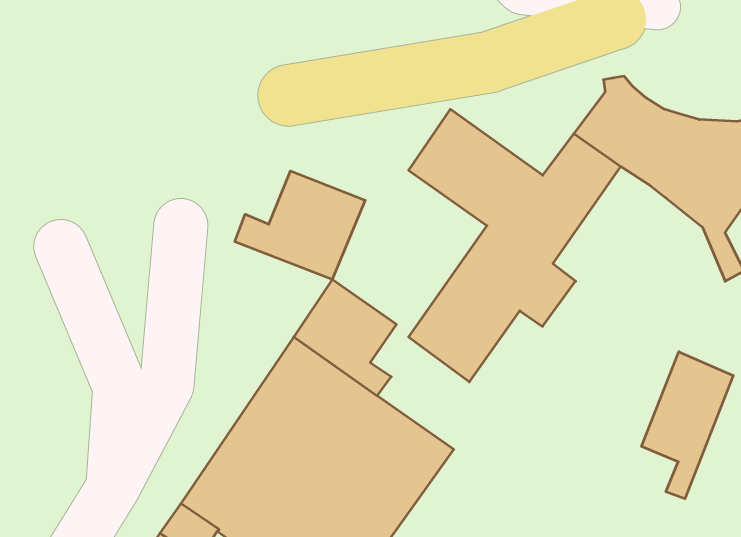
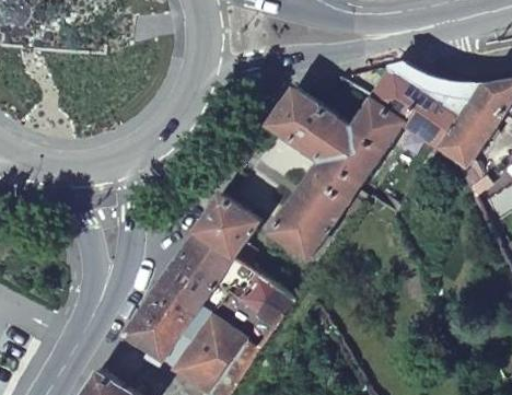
building: [235,171,365,279] -> none
building: [642,352,733,499] -> none

